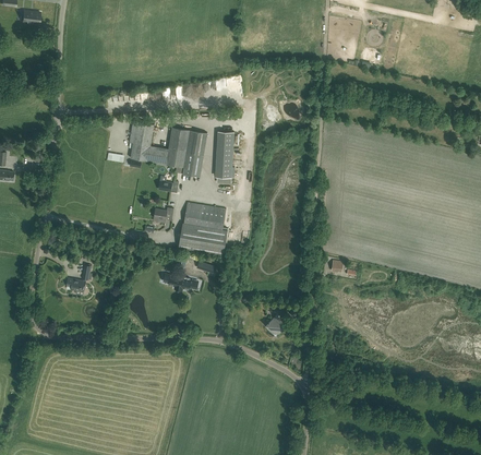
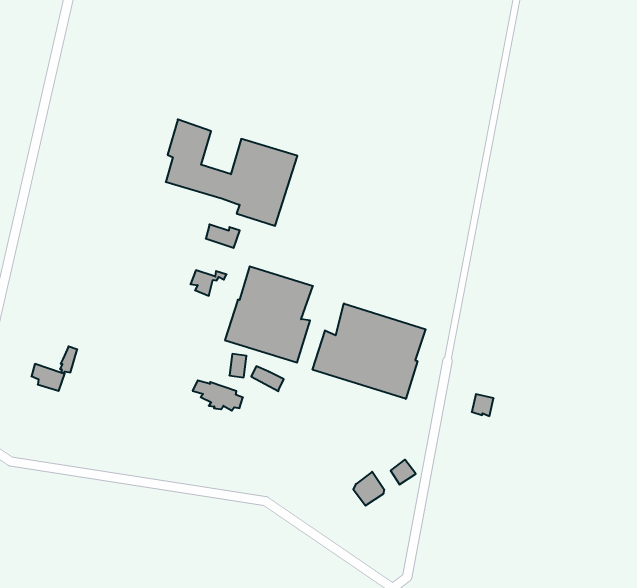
building: [214,131,233,178] -> none
building: none -> [313,303,426,399]

